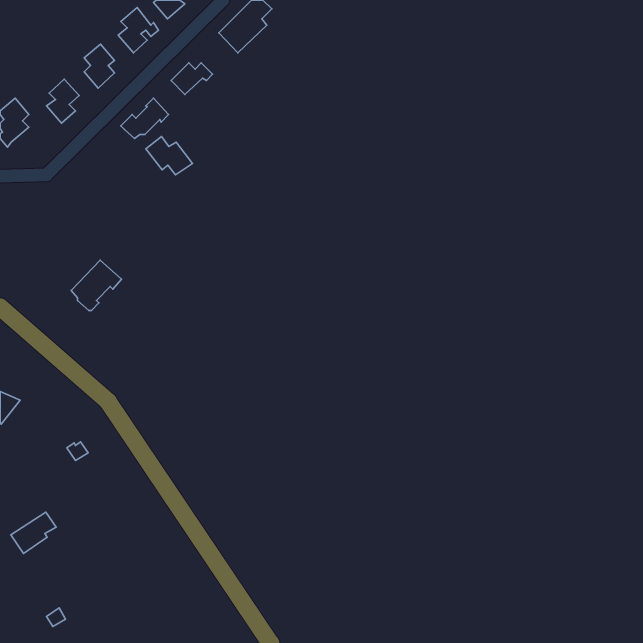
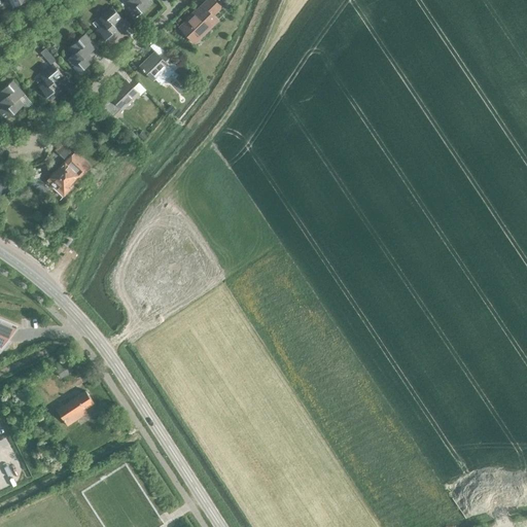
building: [146,137,192,175] -> none
building: [71,260,122,311] -> [47,154,89,196]
building: [11,512,56,554] -> [57,391,94,425]

